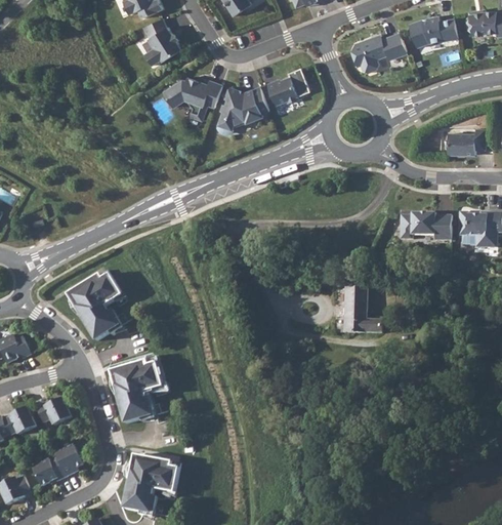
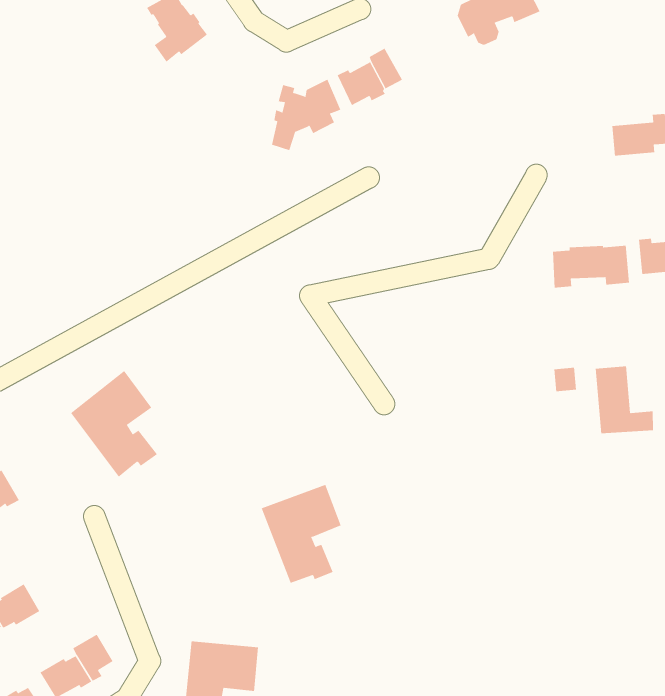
building: [164,77,221,119] -> none
building: [344,287,381,332] -> [595,366,654,434]
building: [110,358,163,422] -> [261,484,342,584]
building: [35,397,70,425] -> none

